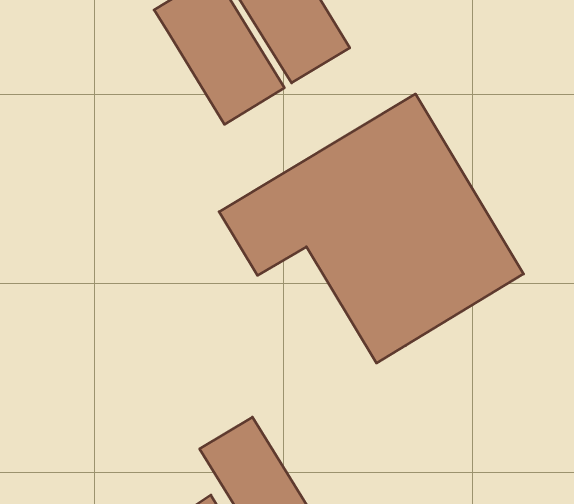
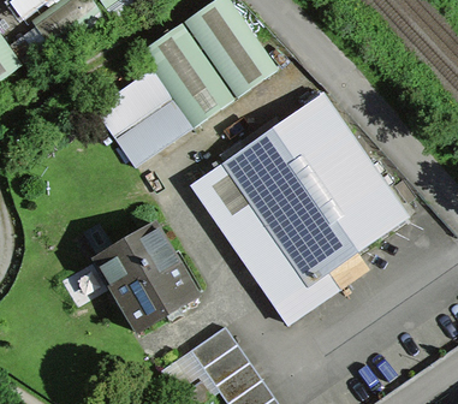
building: none -> [94,67,194,167]
building: none -> [221,207,338,322]
building: none -> [94,224,197,332]

